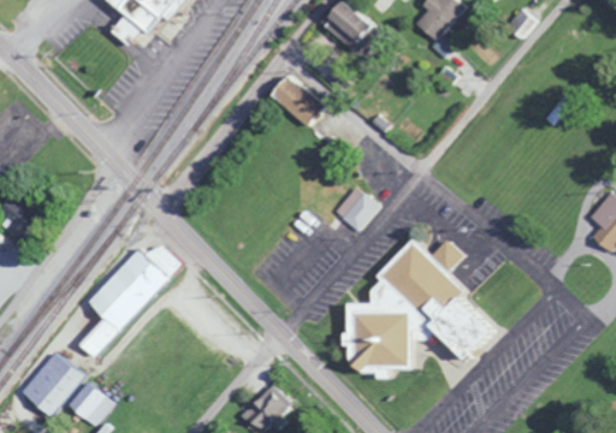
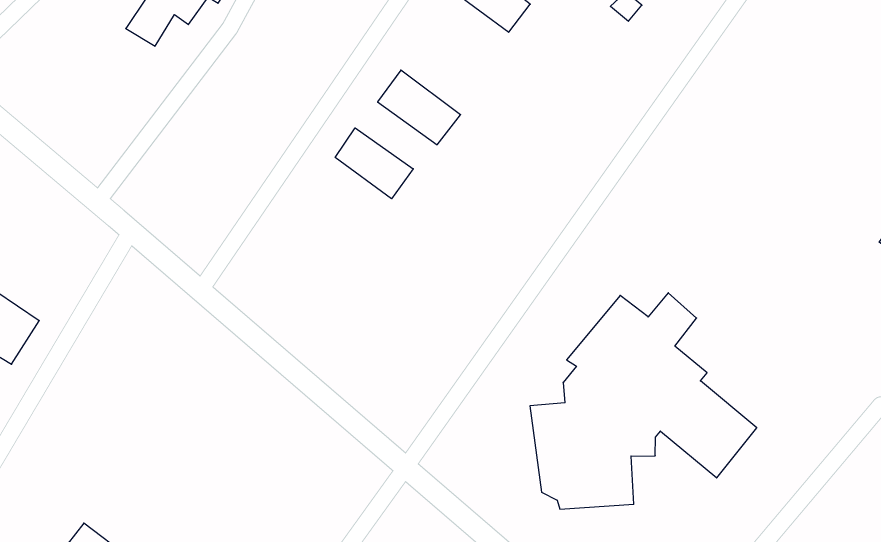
building: none -> [335,128,413,199]
building: [330,186,374,232] -> none
building: [81,244,180,357] -> none

